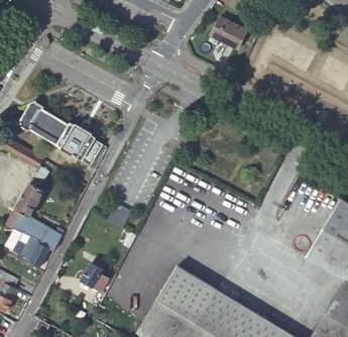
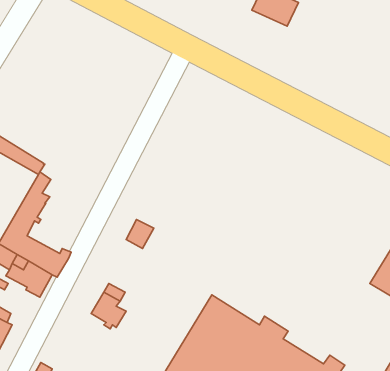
building: [19,102,108,164] -> none

